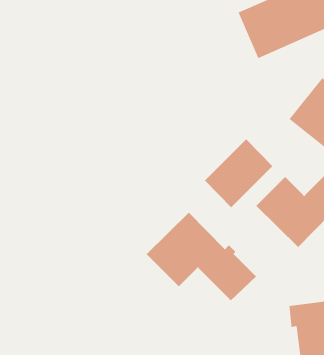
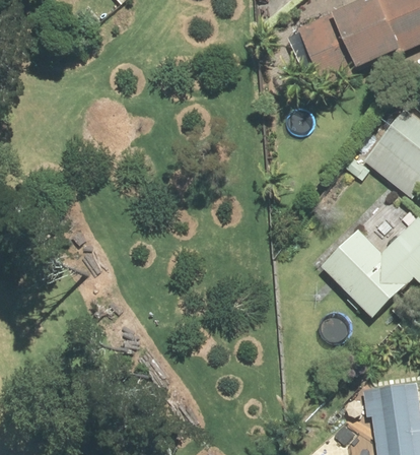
building: [204,138,273,208] -> none
building: [146,212,257,301] -> none

